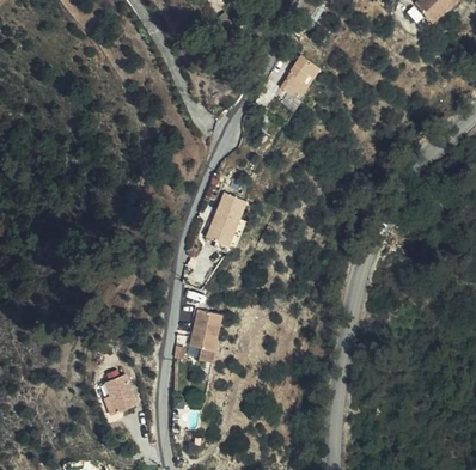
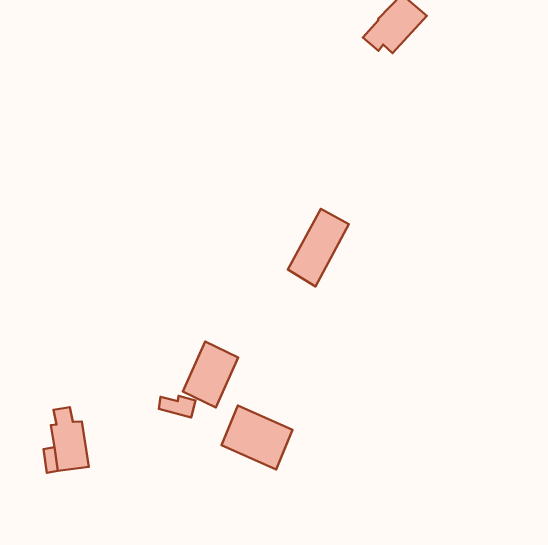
building: [210,195,246,248] -> [288,209,349,286]
building: none -> [221,405,293,470]

